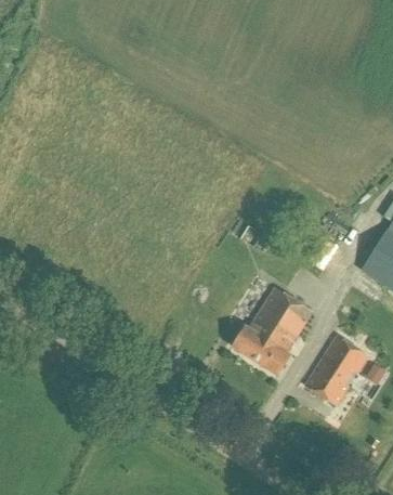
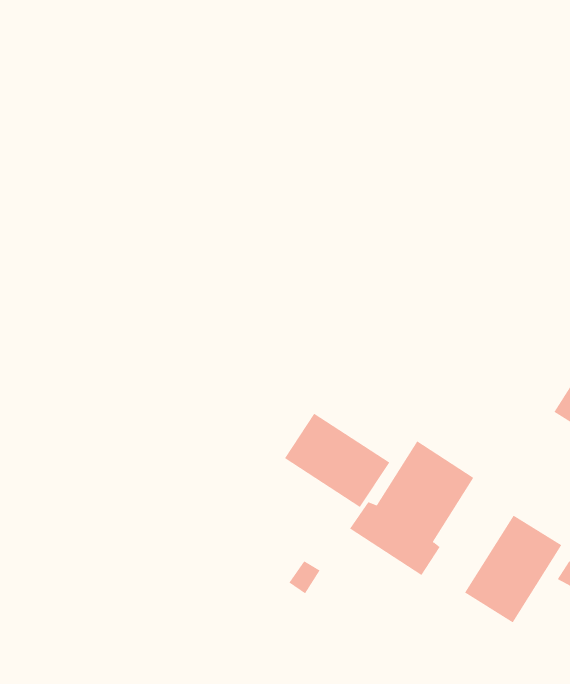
building: none -> [284,413,390,508]

